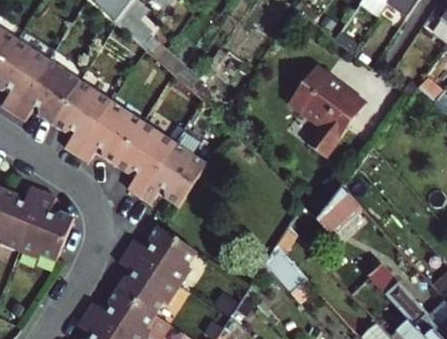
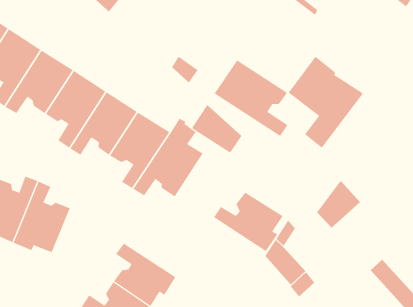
building: none -> [214,59,288,137]
building: none -> [191,104,242,154]
building: [127,224,196,283] -> [213,192,283,252]

